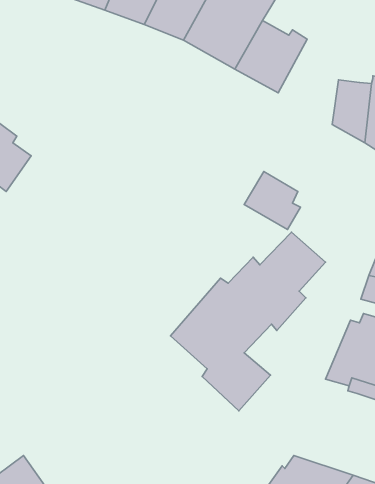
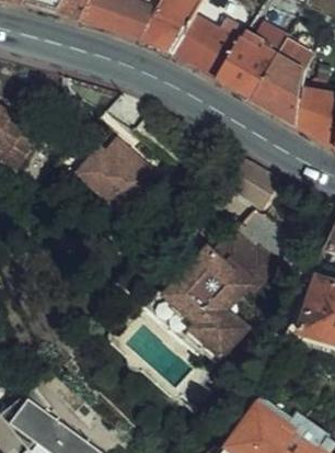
building: none -> [251,30,316,121]
building: none -> [72,138,154,218]

